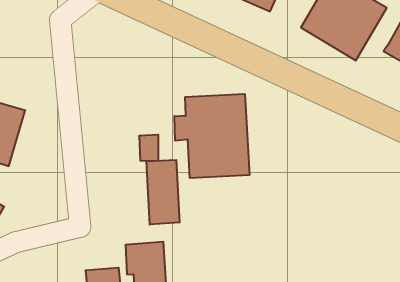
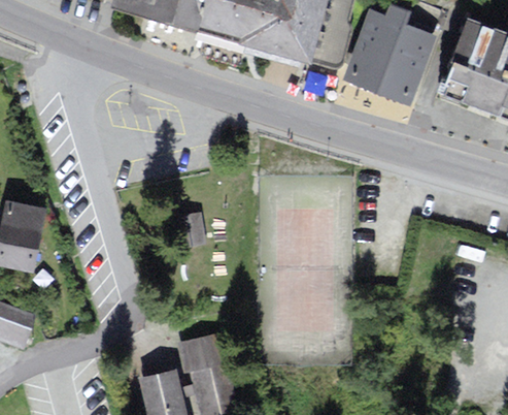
building: [174,94,249,178] -> none
building: [147,160,180,225] -> none

